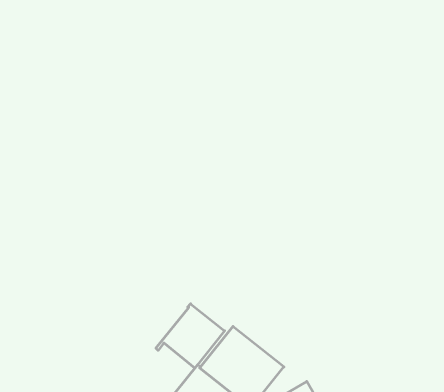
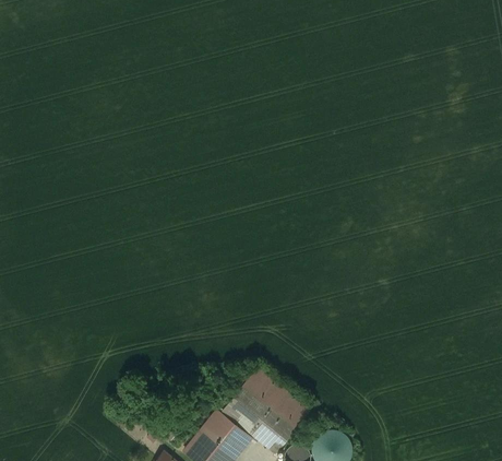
building: [156,304,225,368] -> none

